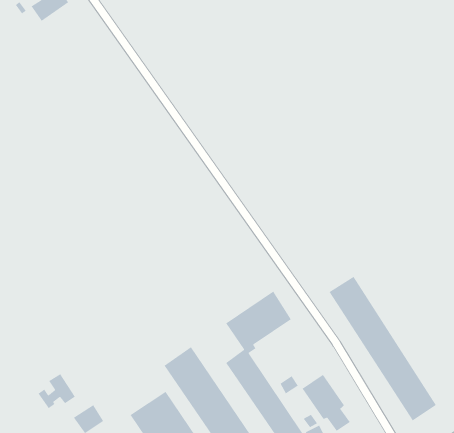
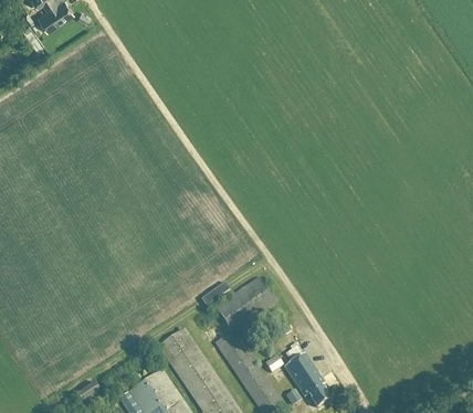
building: [329,276,437,422] -> none
building: [37,373,76,409] -> none

